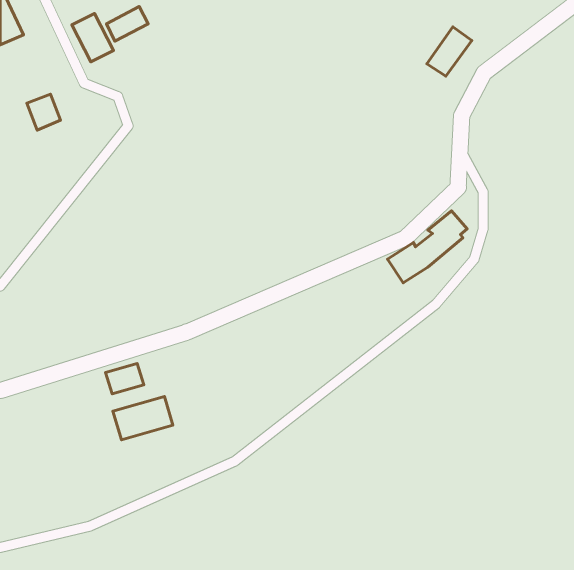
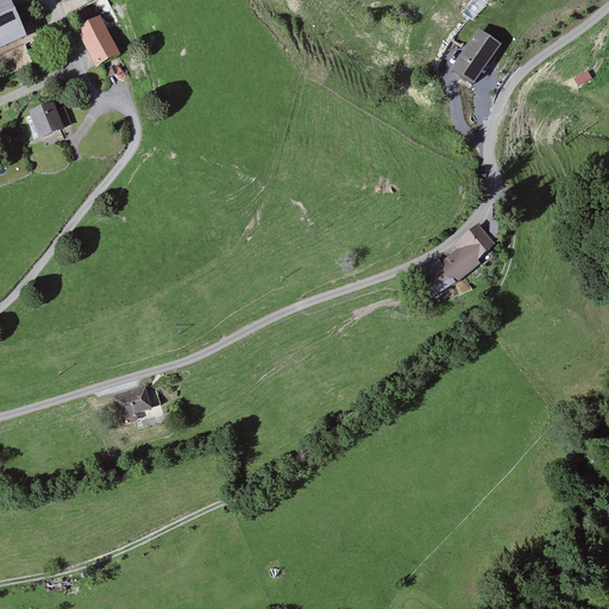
building: [107,7,148,41] -> none
building: [113,397,173,440] -> none

